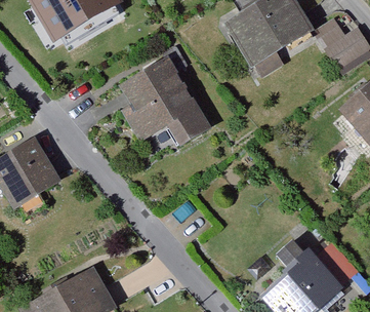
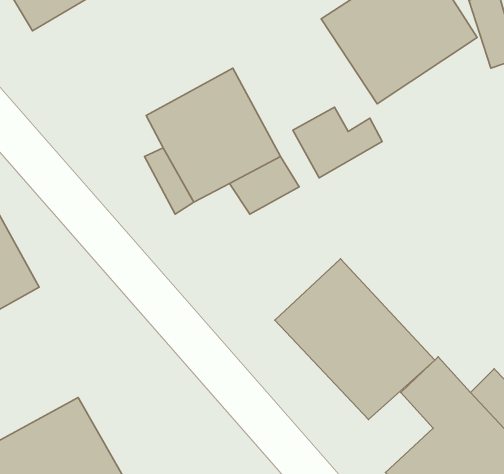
building: none -> [293,107,382,178]
building: none -> [275,259,435,419]

